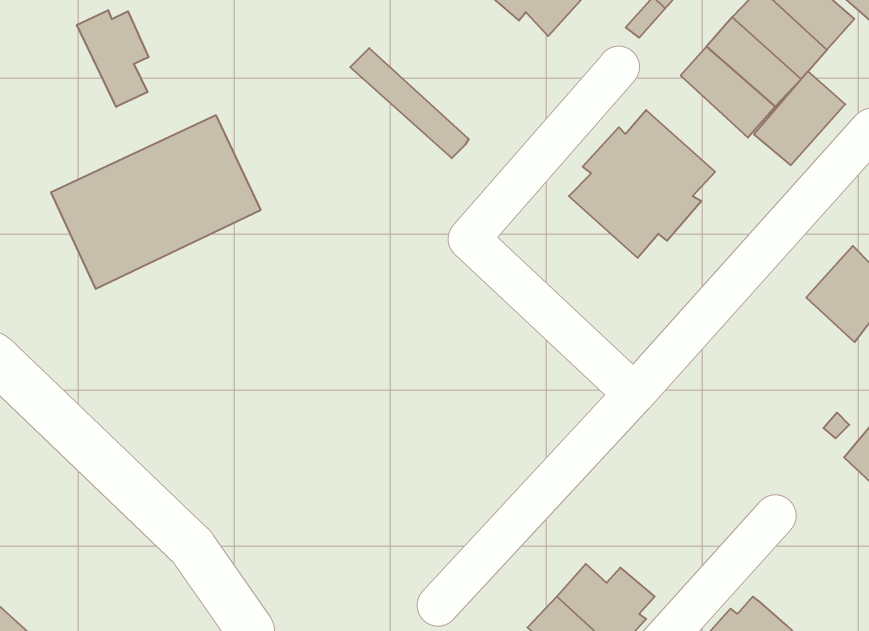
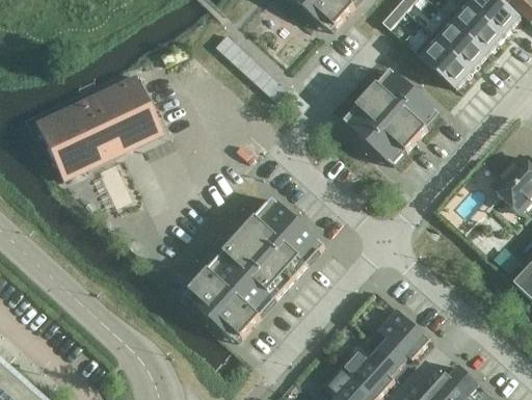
building: [77,10,149,107] -> none
building: [754,71,845,165] -> none
building: none -> [189,197,324,337]
building: none -> [378,309,430,366]

